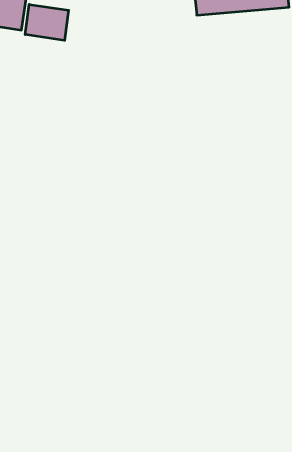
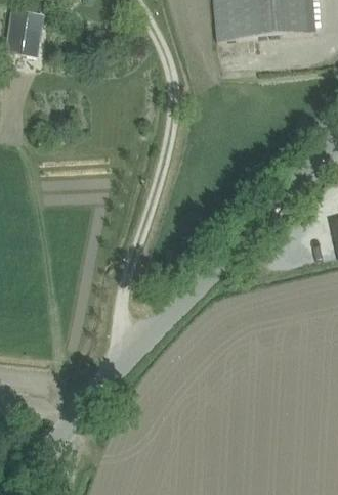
building: [25,4,69,40] -> none

